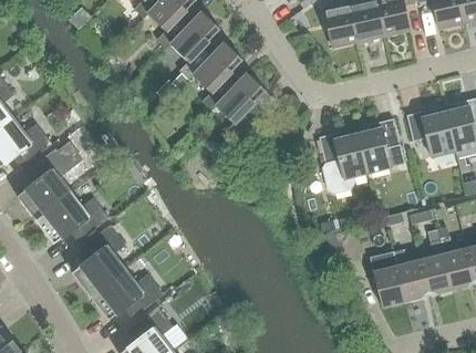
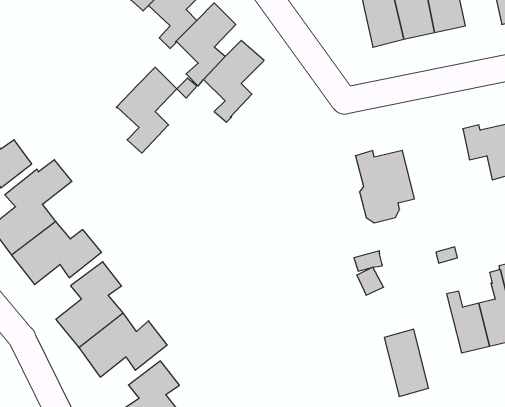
building: [216,72,266,143] -> [116,67,177,153]
building: [358,118,401,173] -> none
building: [370,251,406,307] -> [384,329,429,396]

